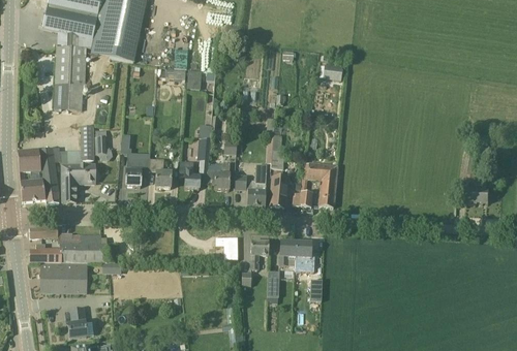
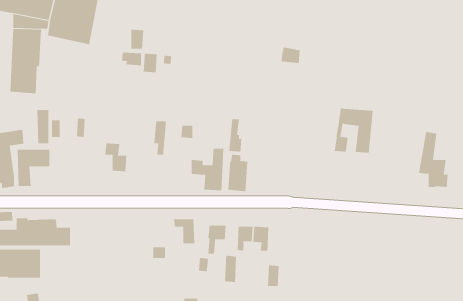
building: [125,158,149,186] -> none
building: [179,160,200,188] -> none
building: [298,161,337,206] -> [334,107,374,153]
building: [206,162,230,189] -> none

